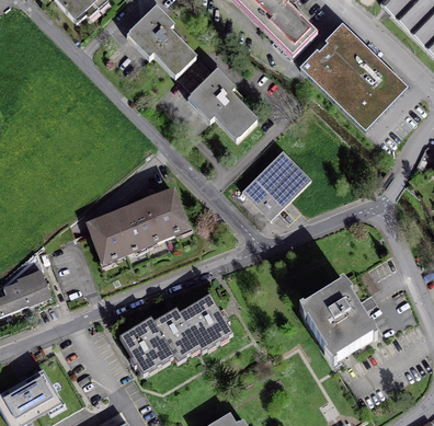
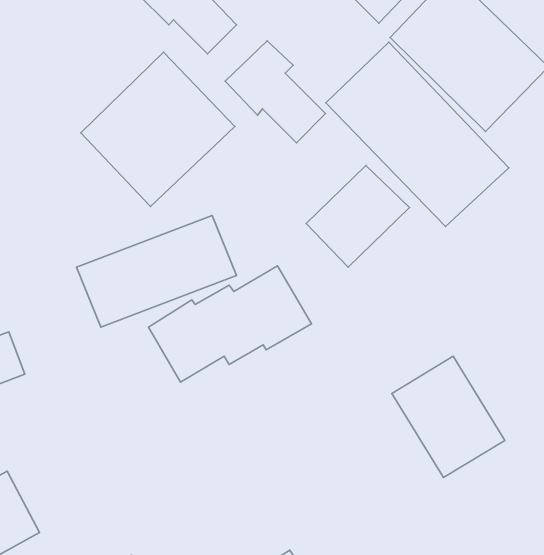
building: none -> [326,42,509,227]
building: none -> [81,52,235,207]
building: [121,293,231,372] -> [148,266,312,382]

